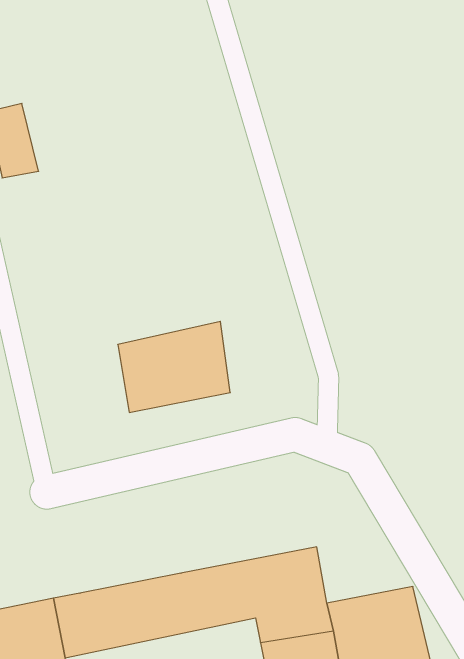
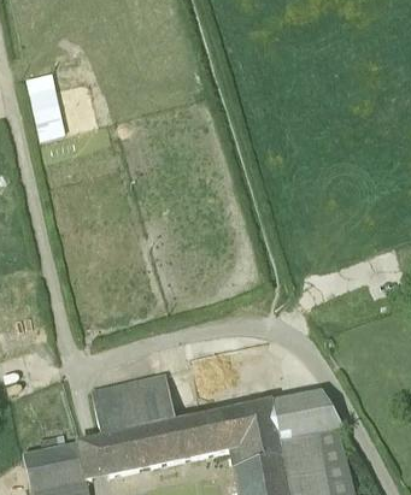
building: [118,321,230,412] -> [90,370,172,436]
building: none -> [271,391,341,443]

